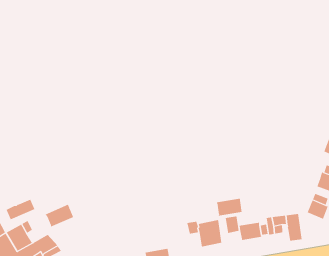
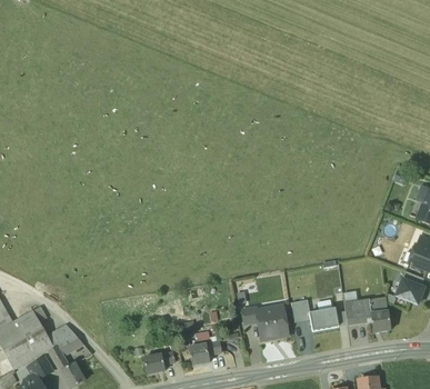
building: [216,198,242,216] -> none
building: [6,199,35,220] -> none
building: [45,204,74,228] -> none

